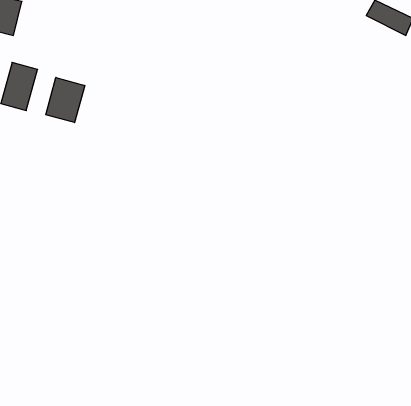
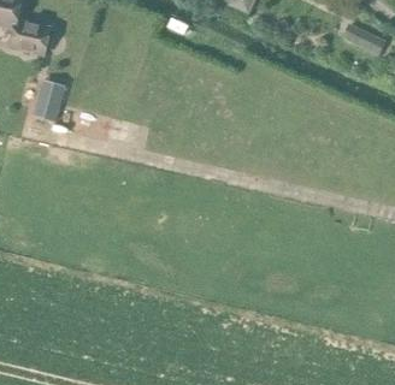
building: [46,77,85,123] -> none

